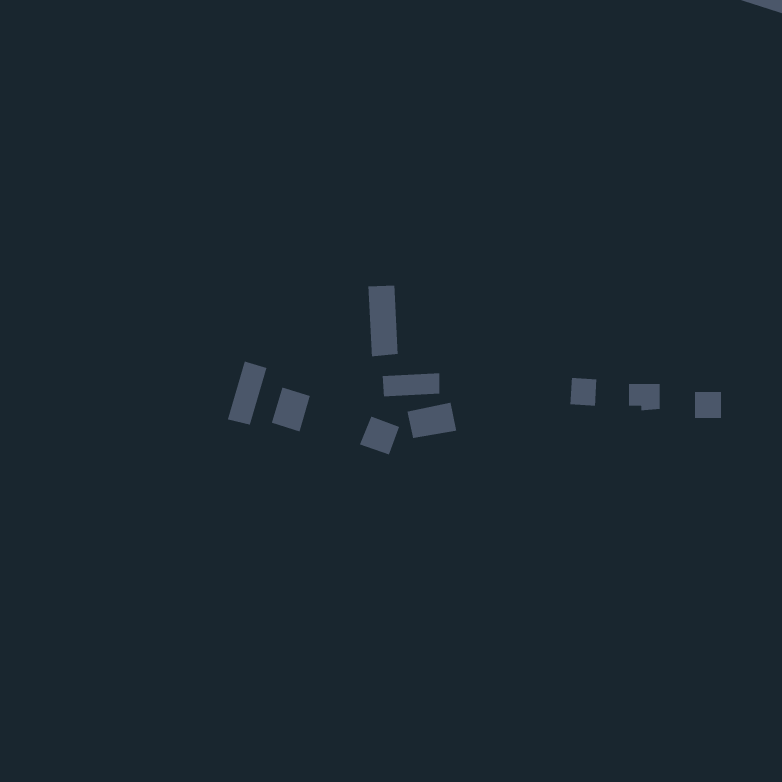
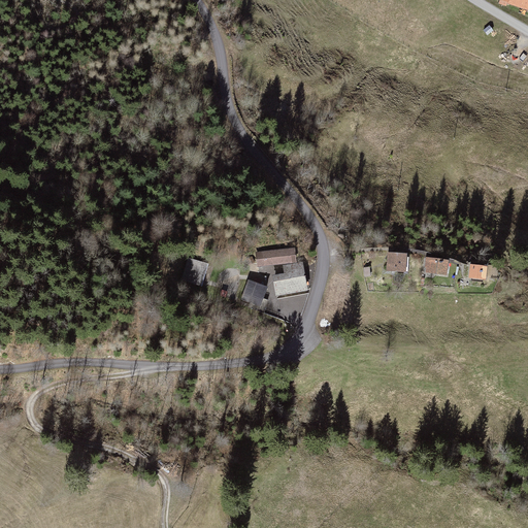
building: [367,285,399,357] -> none
building: [227,360,268,426] -> none

